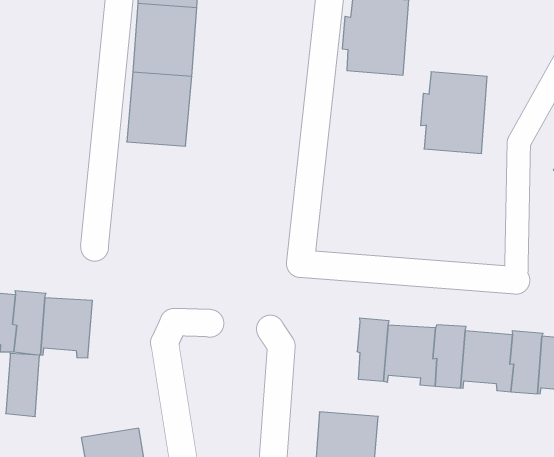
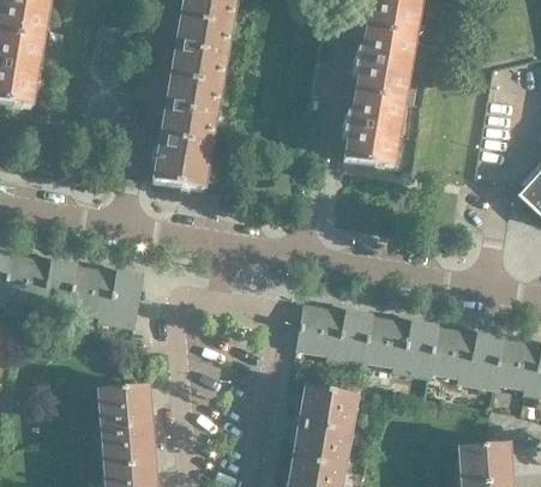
building: [421,72,487,153] -> [342,94,403,168]
building: none -> [152,138,210,190]
building: none -> [296,305,347,361]
building: [6,353,39,417] -> [109,270,143,326]

